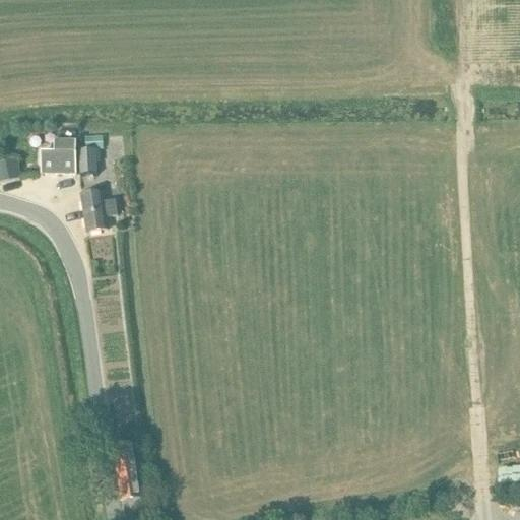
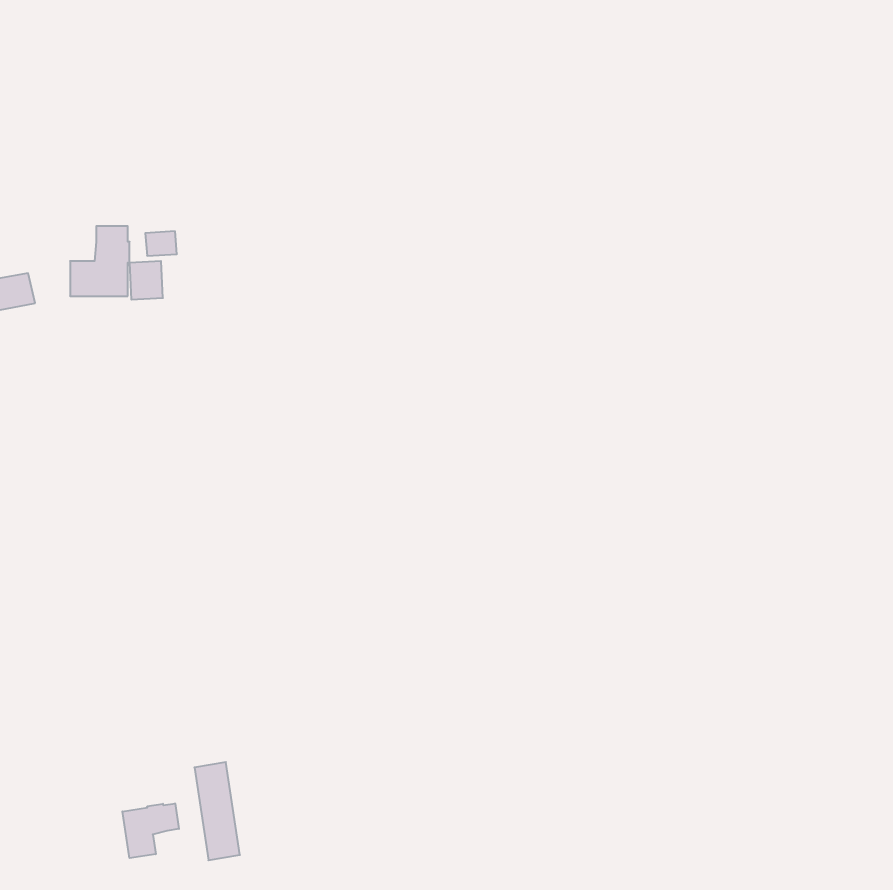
building: [80,190,116,231] -> none
building: none -> [122,803,179,858]

